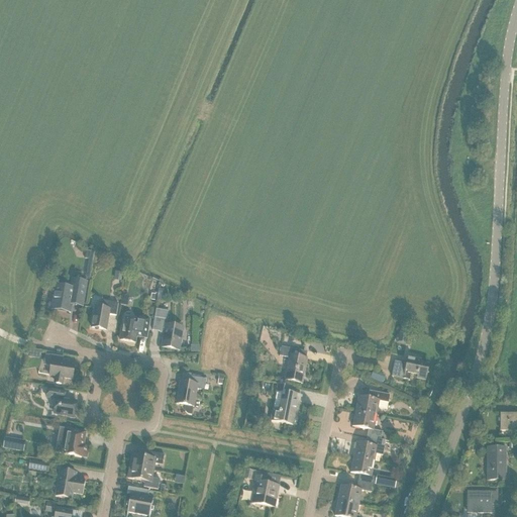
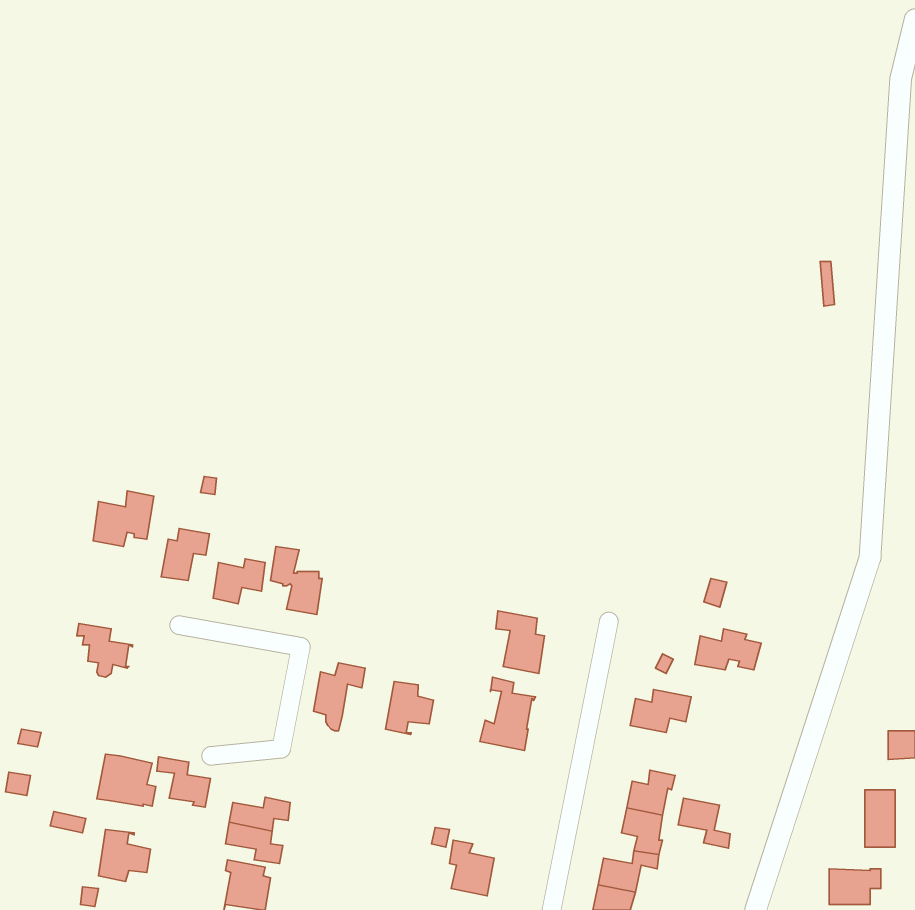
building: none -> [386,682,433,735]
building: [46,387,77,415] -> [157,757,210,807]
building: [352,409,382,437] -> [678,798,730,848]

